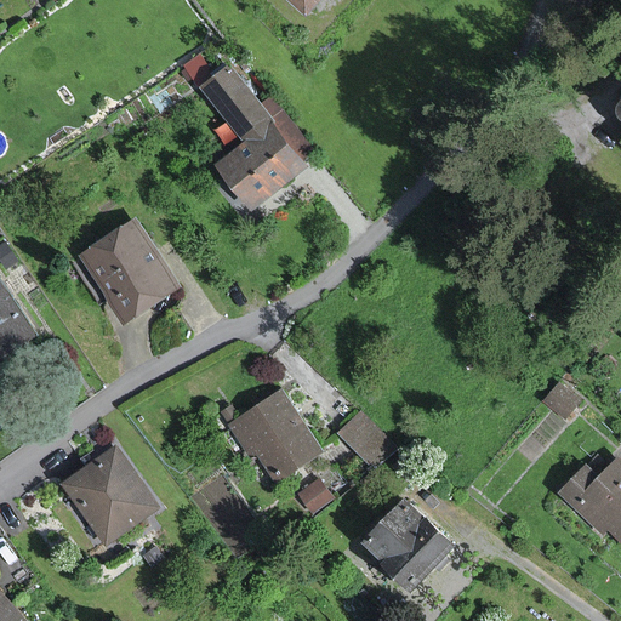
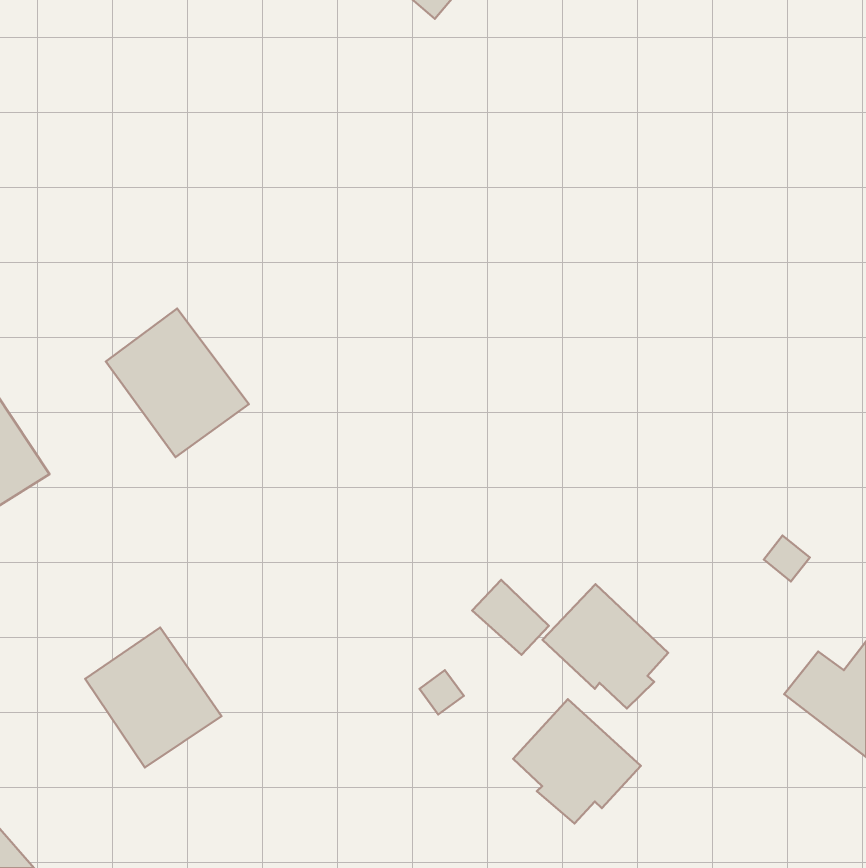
building: [198,63,307,209] -> none
building: [227,392,315,477] -> none
building: none -> [543,584,668,708]

